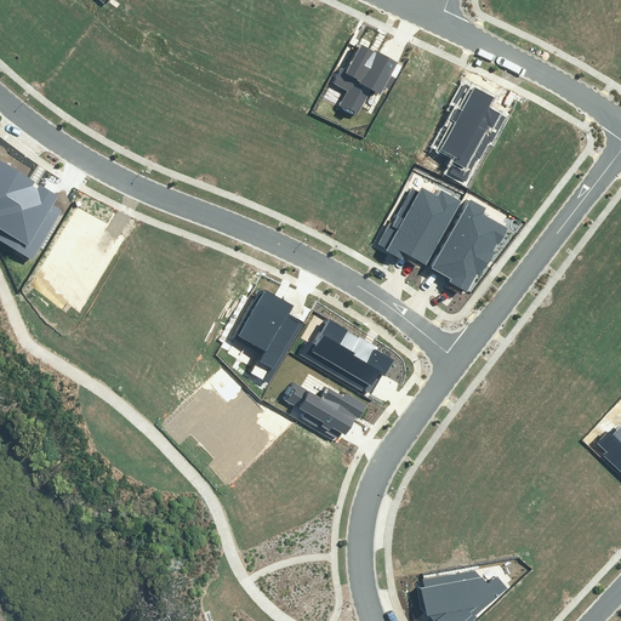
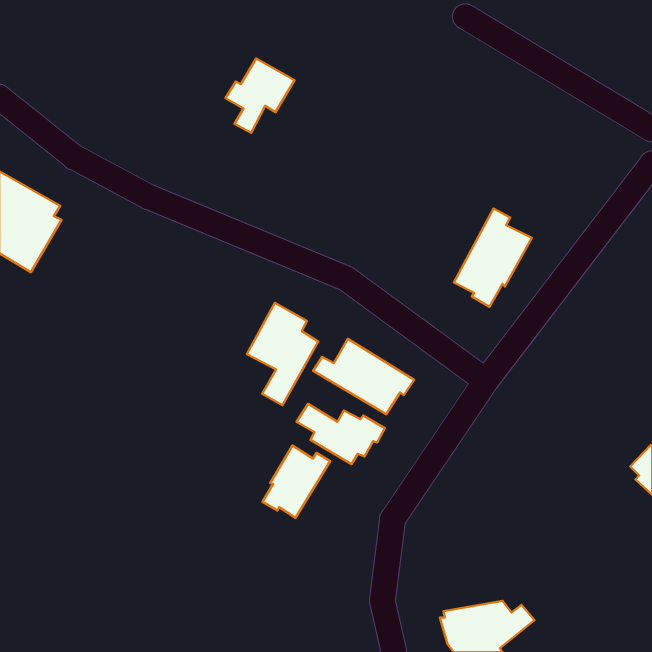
building: [332,44,398,114] -> [225,59,295,133]
building: [440,81,508,180] -> none
building: [377,183,458,263] -> none
building: none -> [262,445,330,518]

